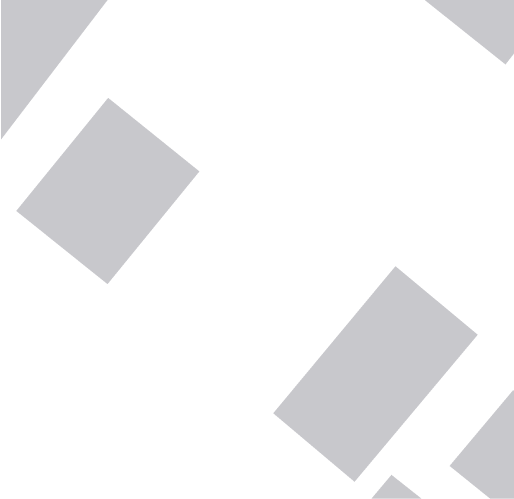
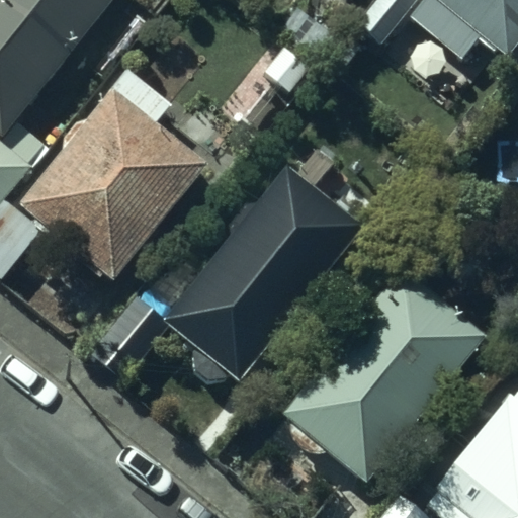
building: none -> [159,166,362,381]

